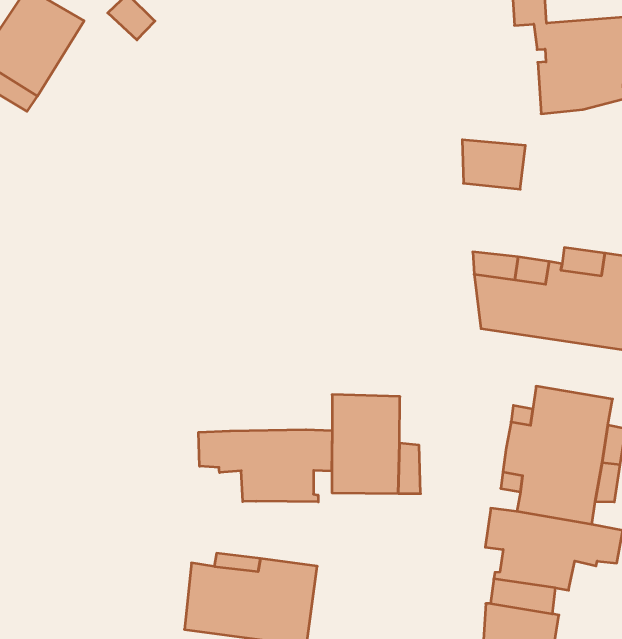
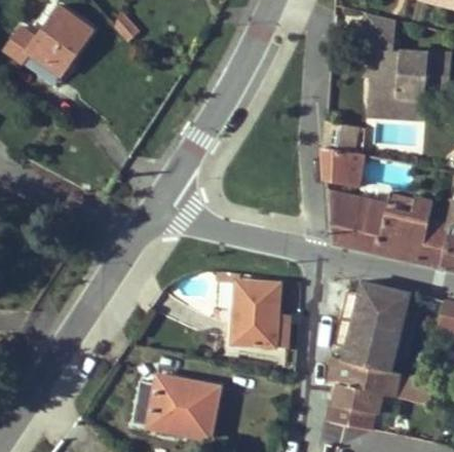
building: none -> [329,149,365,186]
building: [199,430,332,502] -> none

